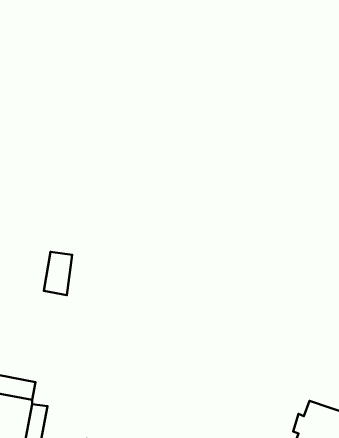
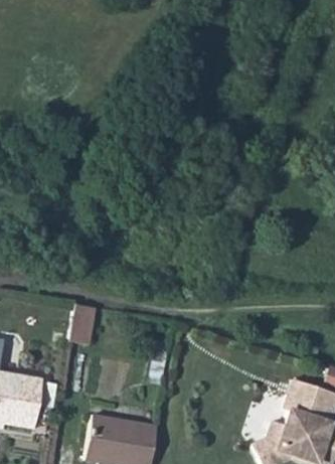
building: [44,252,72,295] -> [68,307,95,347]

